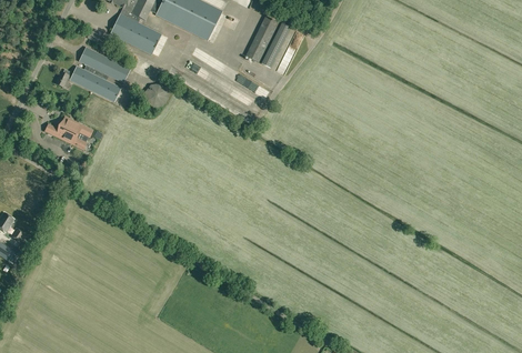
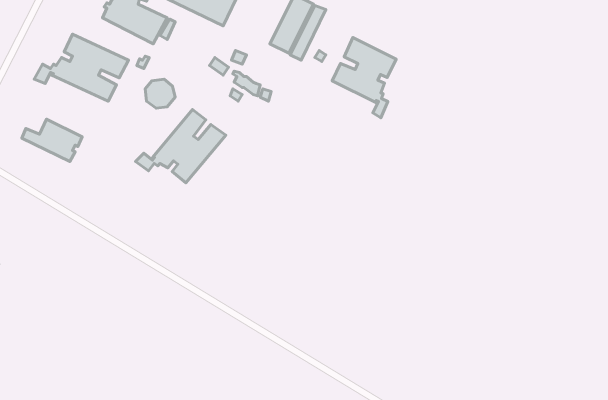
building: none -> [332,38,396,118]
building: none -> [136,109,226,183]

